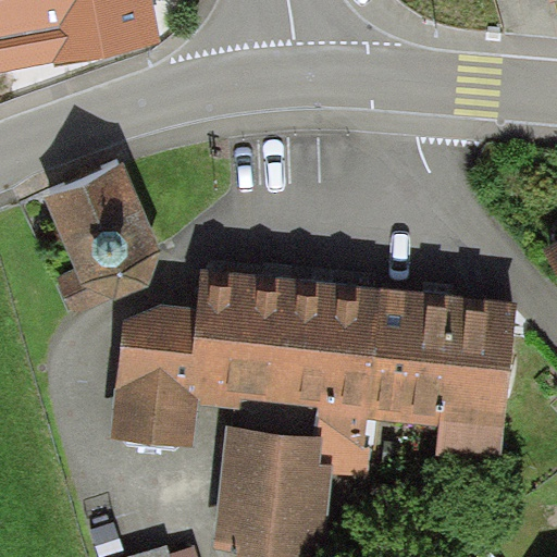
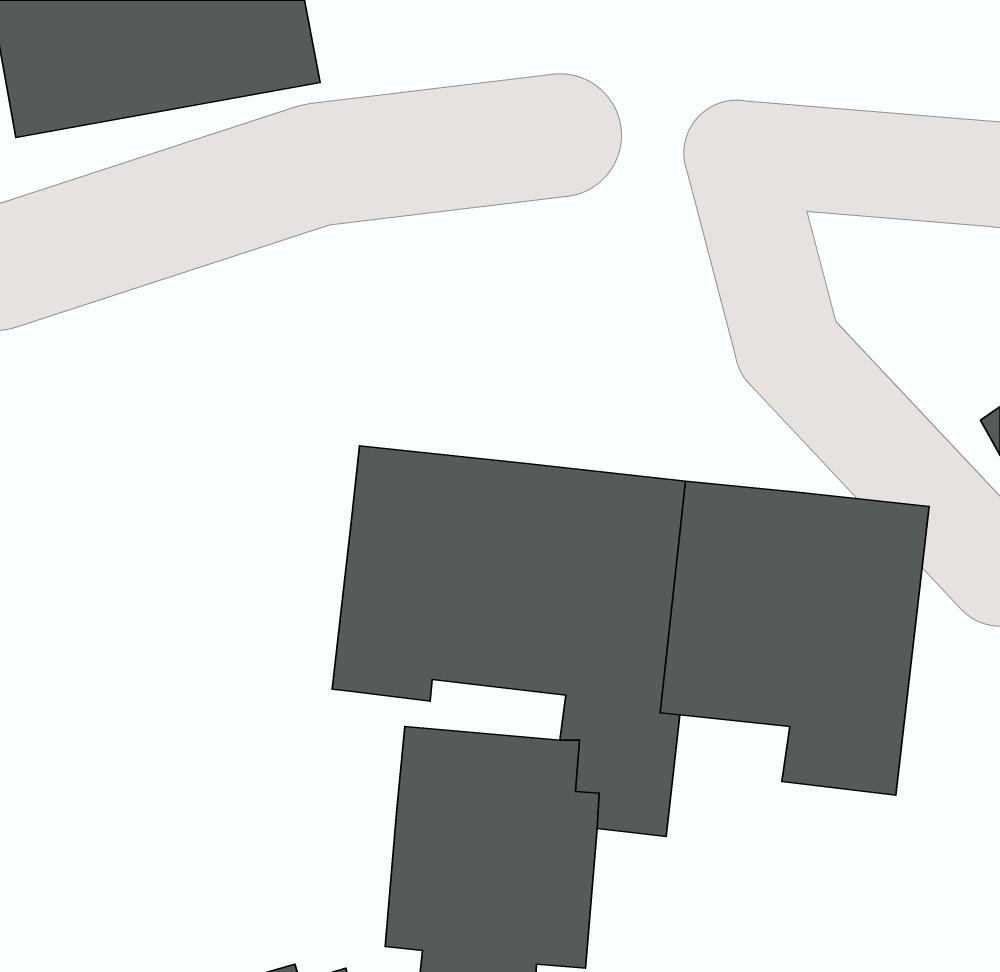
building: [42,159,159,323] -> none
building: [107,300,195,441] -> none

